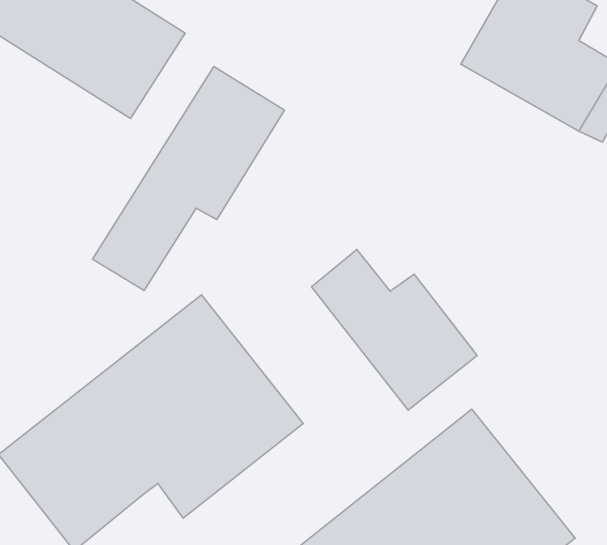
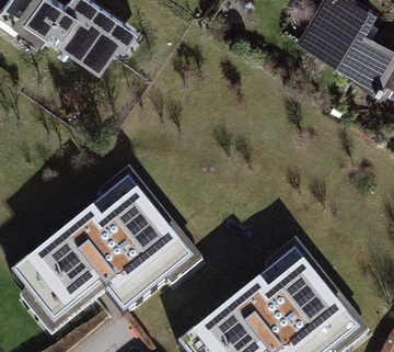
building: [93,67,285,291] -> none
building: [312,249,477,410] -> none

